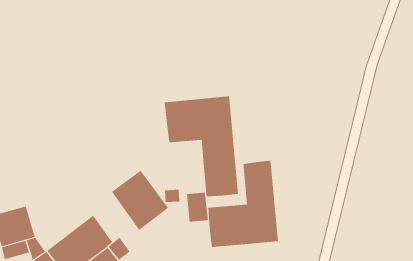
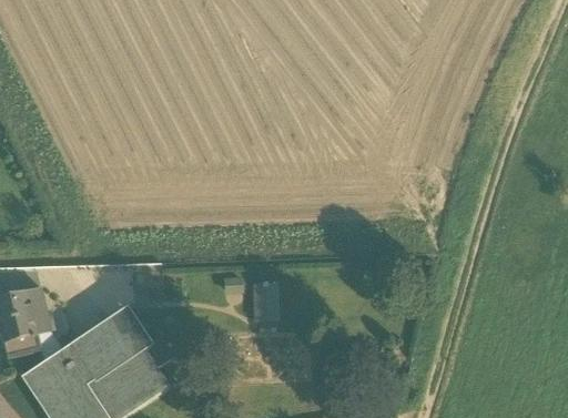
building: [164,96,238,197] -> none
building: [208,160,279,248] -> none
building: [111,170,169,231] -> none

